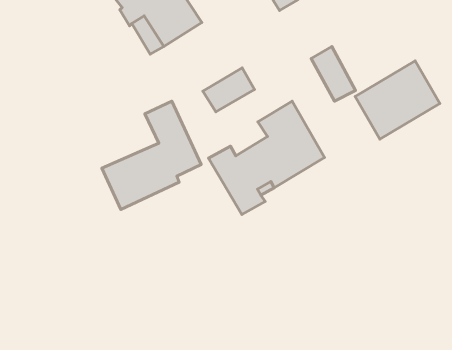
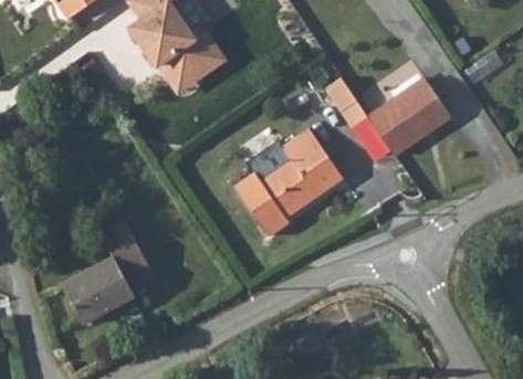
building: [203,68,255,112] -> none
building: [102,101,201,210] -> [67,221,160,325]

